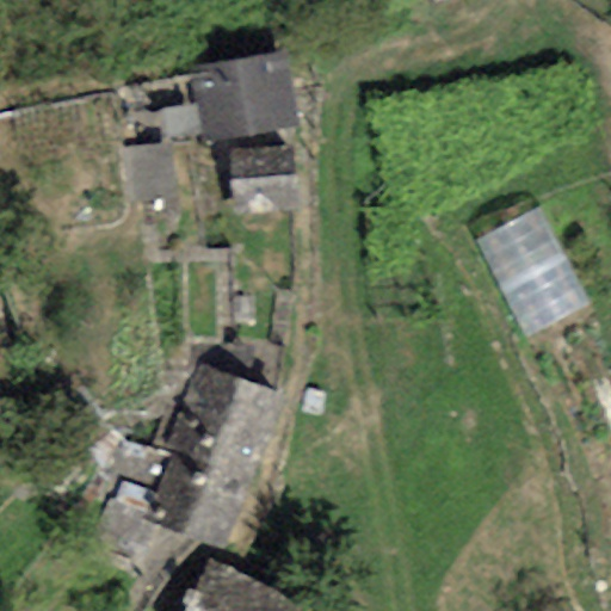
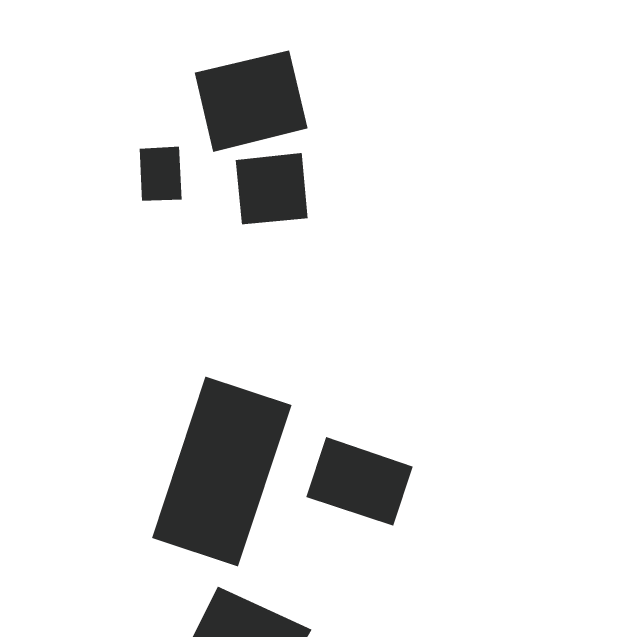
building: [482,208,588,332] -> none
building: none -> [306,436,414,526]

